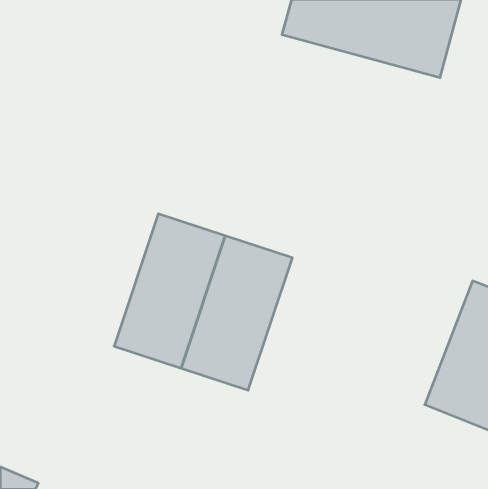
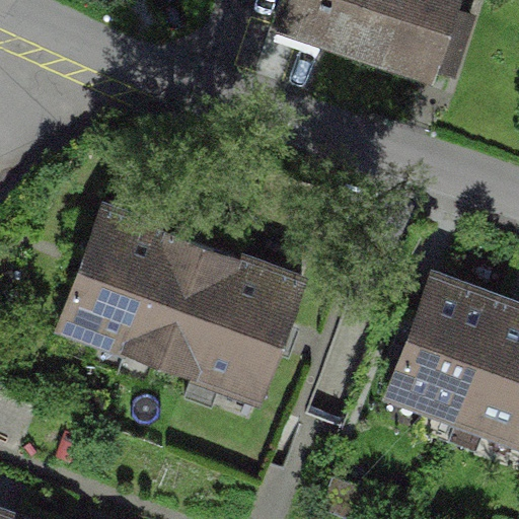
building: none -> [52,202,169,366]
building: none -> [379,270,502,428]

